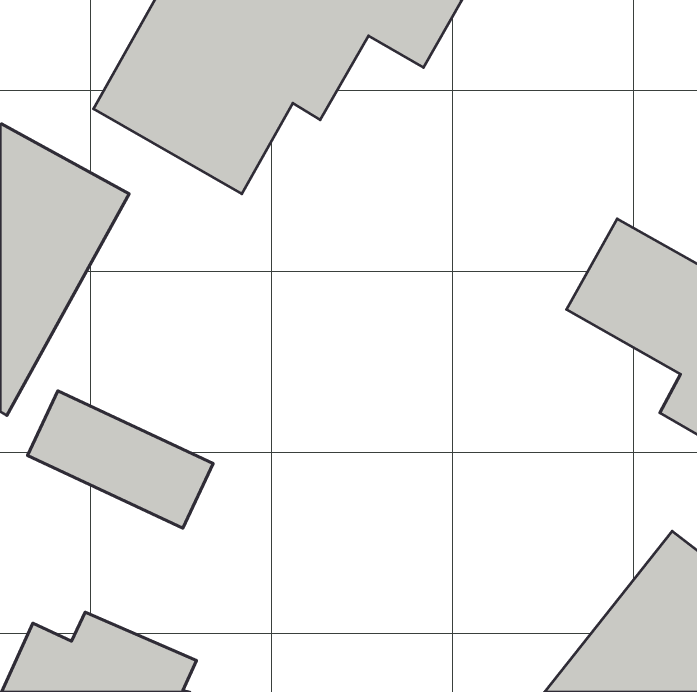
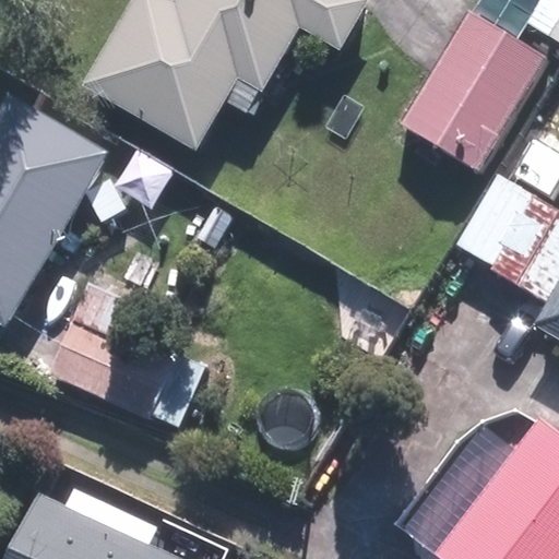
building: none -> [396,8,548,175]

